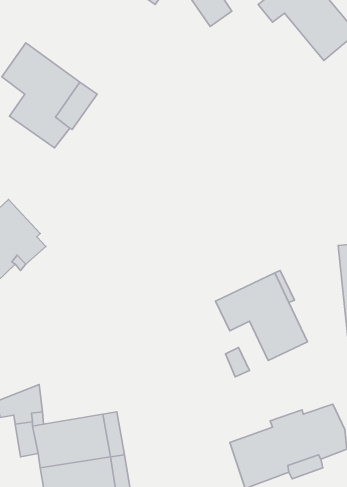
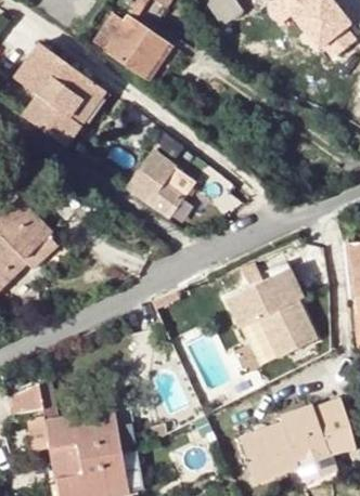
building: none -> [93,13,167,77]
building: none -> [126,153,184,218]

